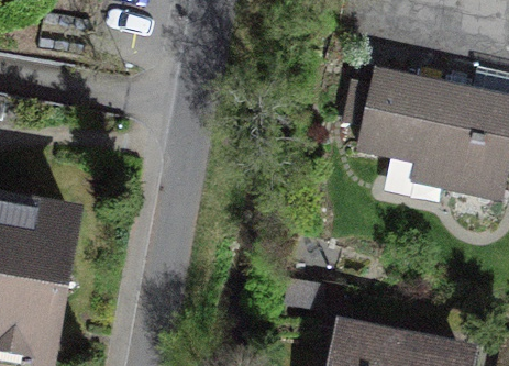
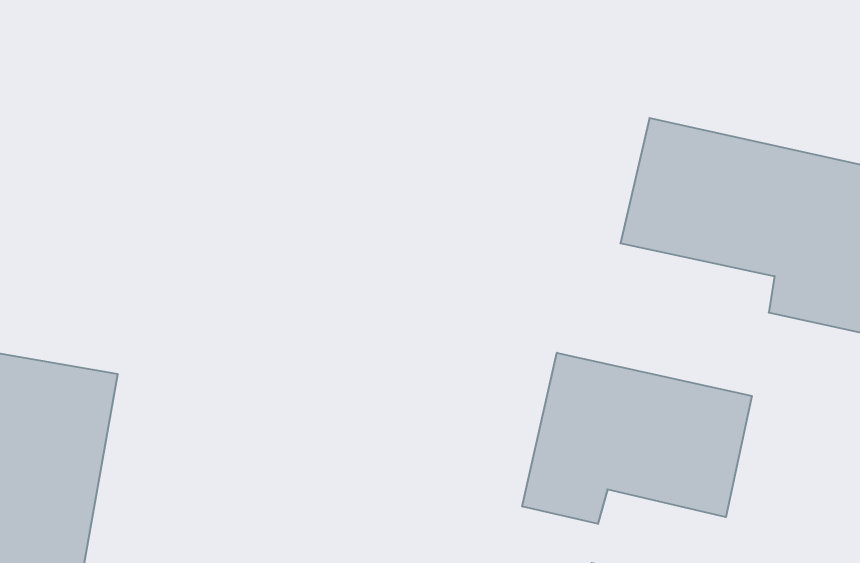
building: none -> [522,353,752,524]

